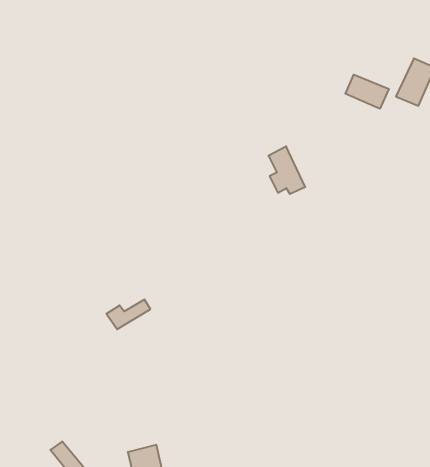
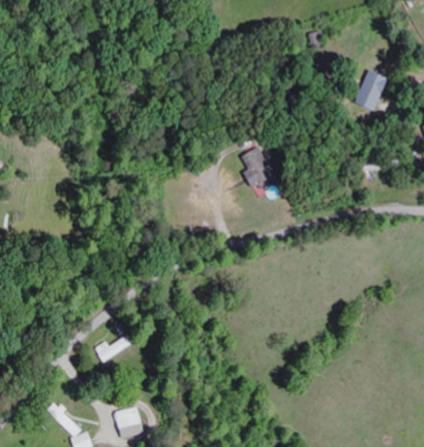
building: [345,75,389,109] -> none
building: [106,300,150,329] -> [98,337,137,362]

